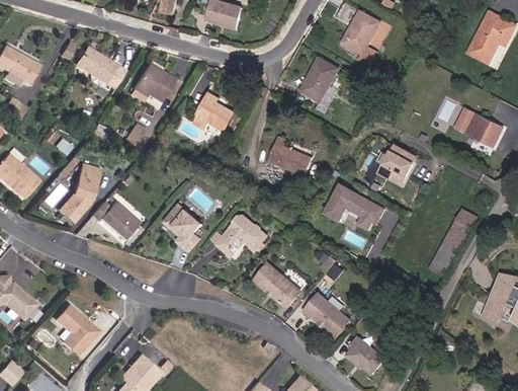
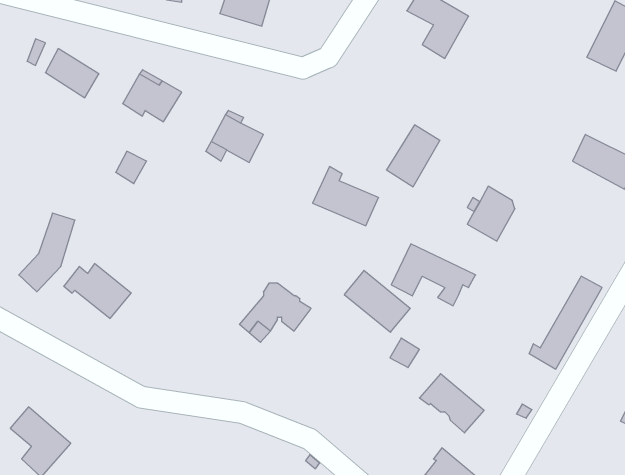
building: [301,58,340,102] -> [386,125,440,187]
building: [165,207,202,253] -> none
building: [257,263,305,308] -> [344,270,410,332]
building: [307,293,353,335] -> [419,374,484,433]

